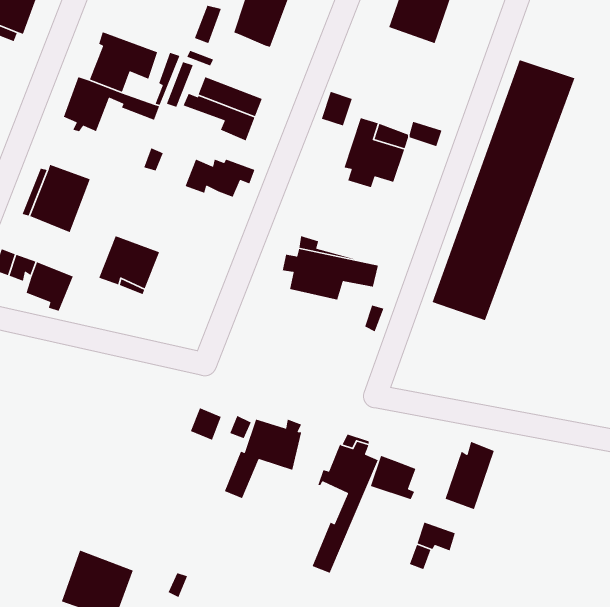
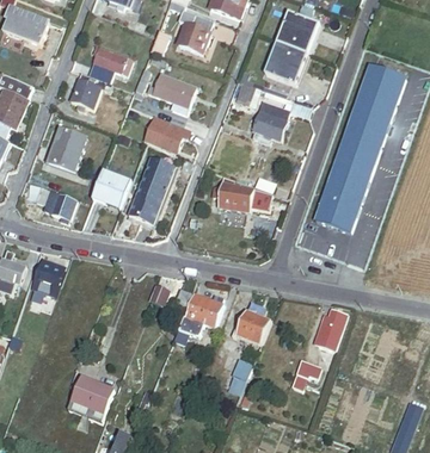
building: none -> [266,42,308,83]
building: none -> [133,157,179,223]
building: none -> [38,259,66,291]
building: [370,455,416,500] -> none

